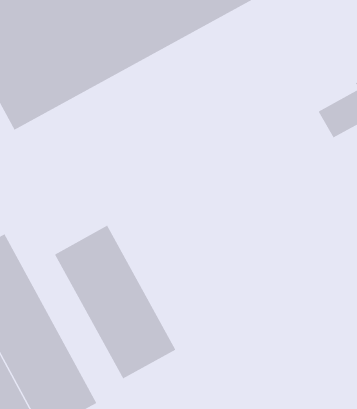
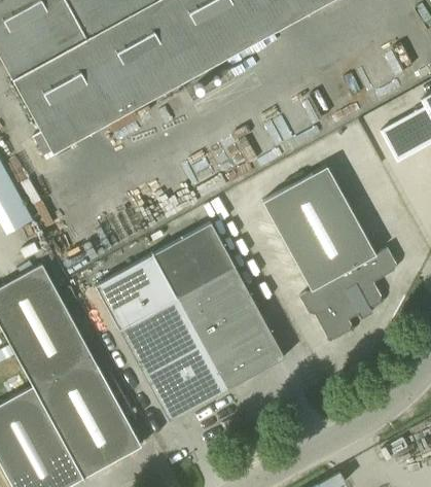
building: none -> [262,167,397,340]
building: none -> [153,222,285,389]

